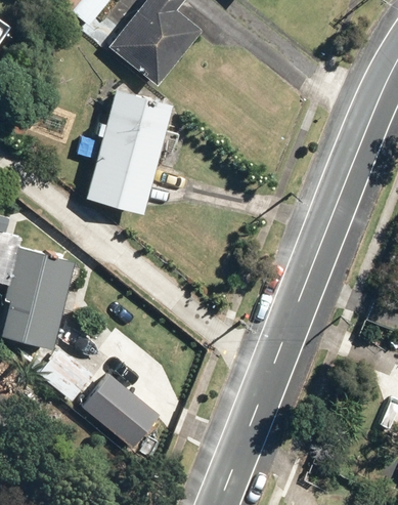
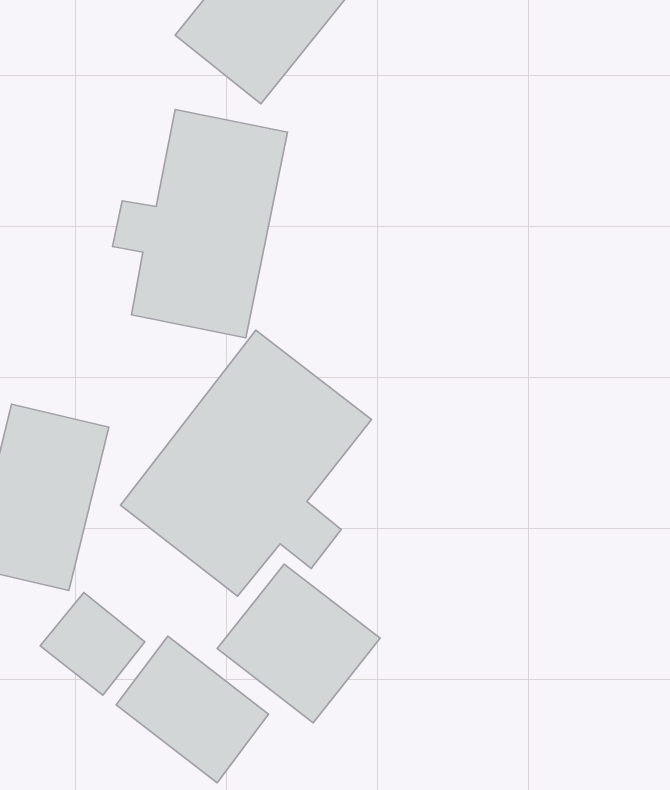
building: none -> [120,330,371,596]
building: none -> [217,564,380,723]

